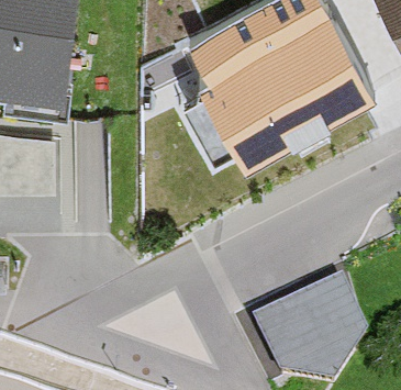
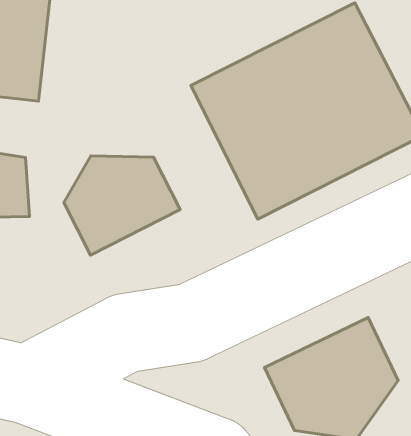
building: none -> [64,156,180,255]

